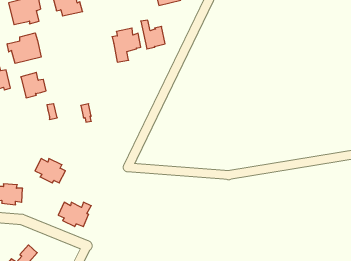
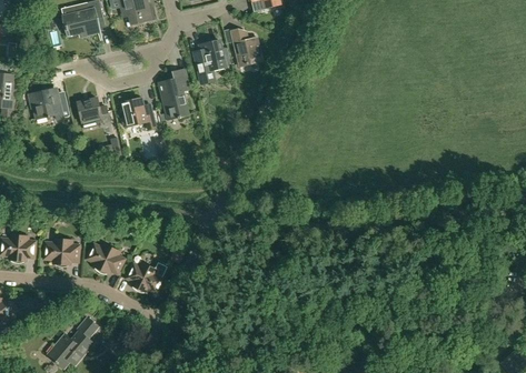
building: [7,33,41,63] -> none
building: none -> [158,70,189,119]
building: none -> [120,98,155,129]
building: [35,159,65,183] -> [86,243,125,274]

